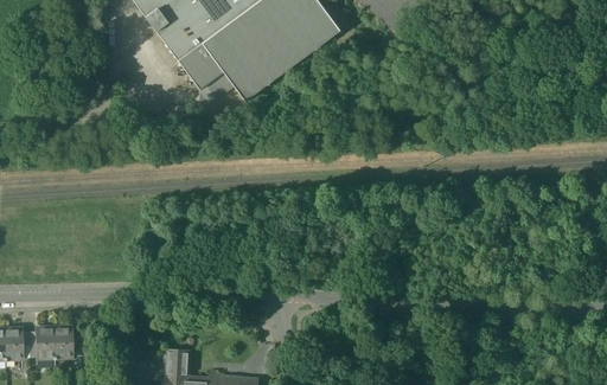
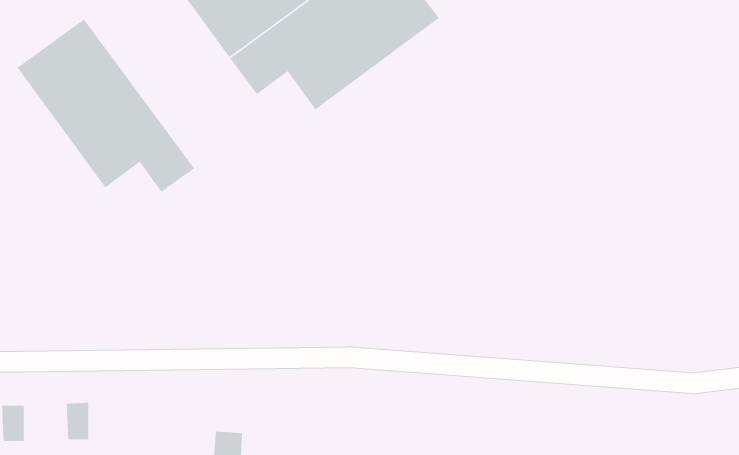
building: none -> [17,18,195,193]
building: [36,327,55,355] -> none

